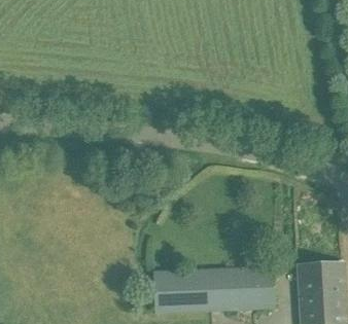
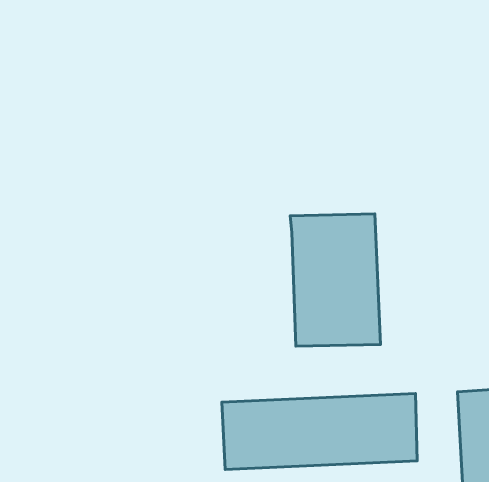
building: none -> [290,214,380,346]

